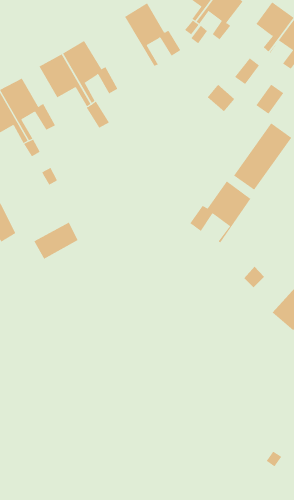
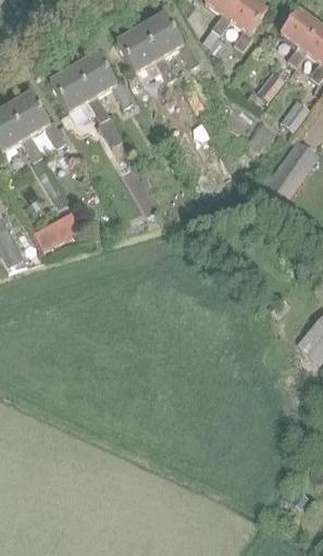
building: none -> [115,25,171,81]
building: [189,181,251,243] -> none
building: [34,222,78,260] -> [34,210,82,250]

